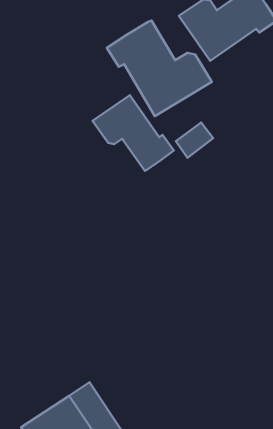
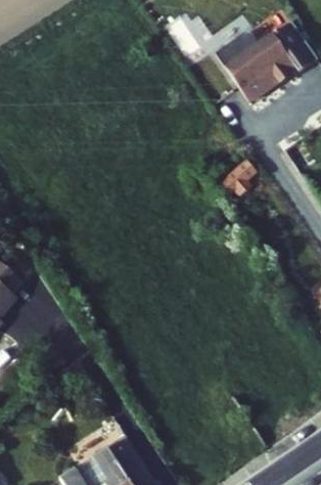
building: [107,21,212,116] -> none
building: [93,95,174,171] -> none

